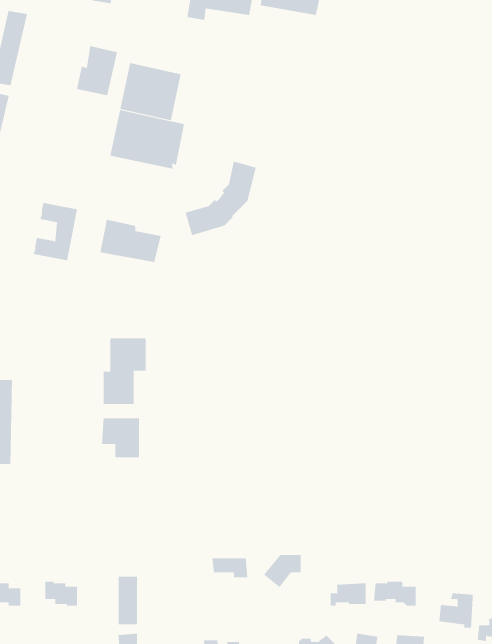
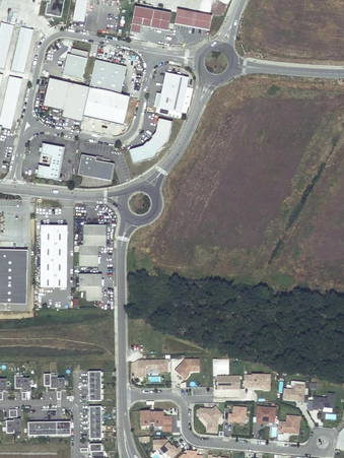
building: none -> [157,72,189,113]
building: none -> [43,77,89,121]
building: none -> [35,224,67,287]

